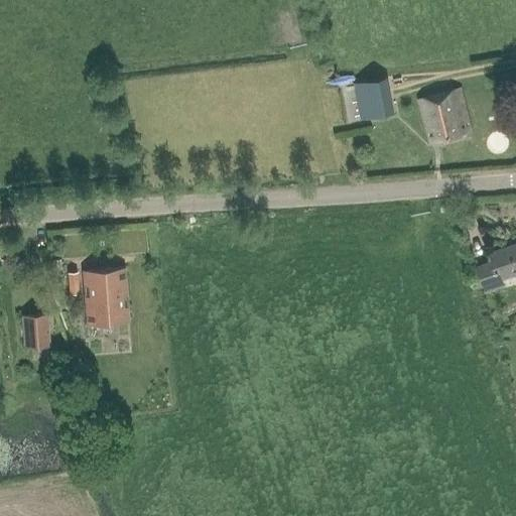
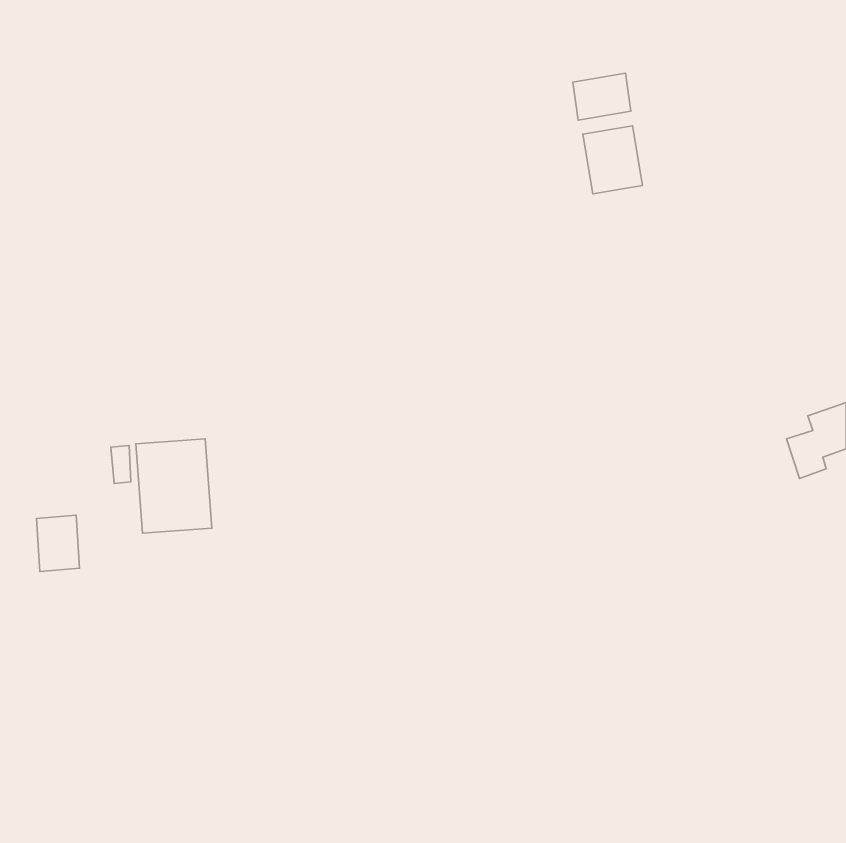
building: none -> [573,73,631,120]
building: [420,91,471,144] -> none

